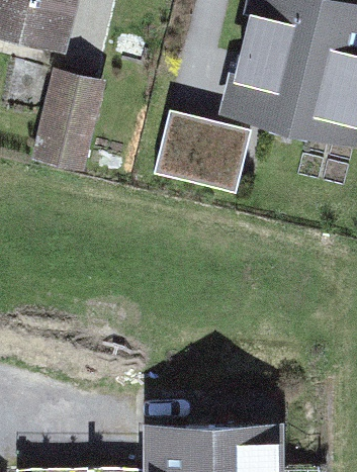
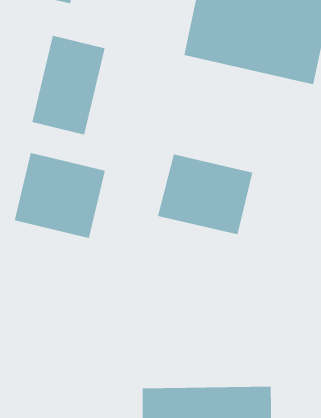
building: [155,97,253,180] -> [157,154,253,235]
building: none -> [14,152,106,239]

